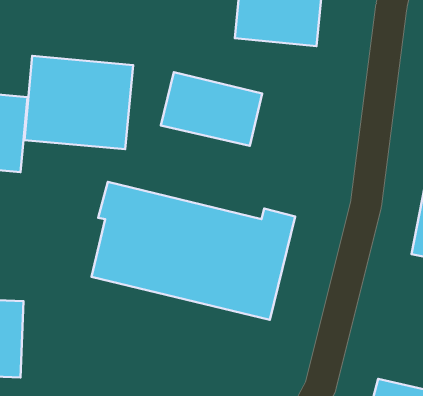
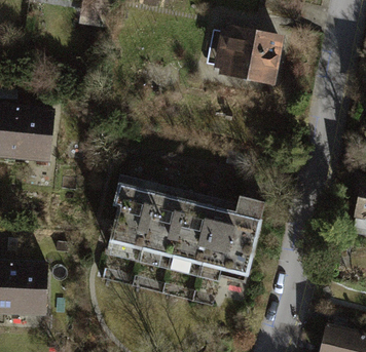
building: [24,56,133,149] -> none
building: [161,72,262,146] -> none

